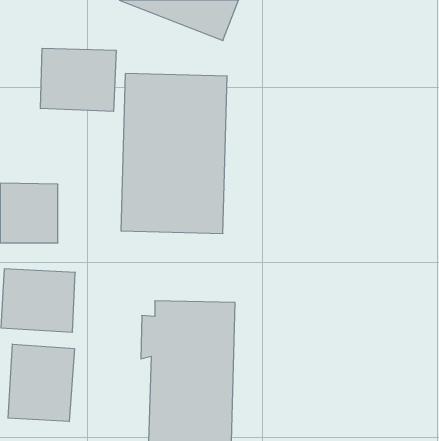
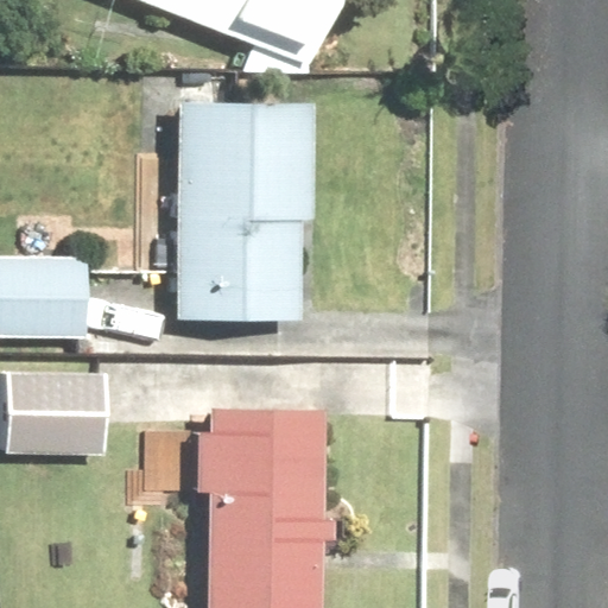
building: [41,48,116,111] -> none
building: [8,344,74,422] -> none

